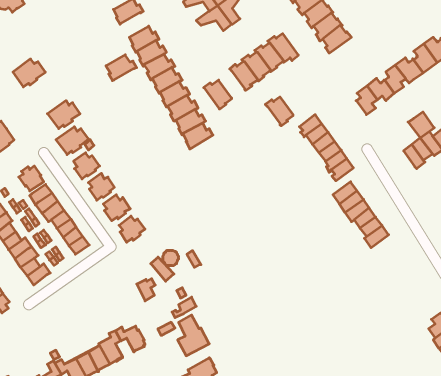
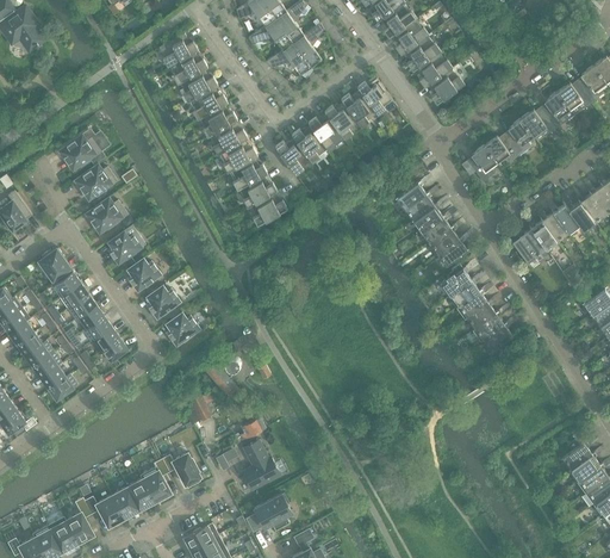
building: [106,55,137,81] -> [168,51,207,85]
building: [13,59,45,87] -> [58,135,100,170]
building: [265,97,293,126] -> [291,126,326,163]
building: [408,112,434,138] -> [511,229,544,262]

